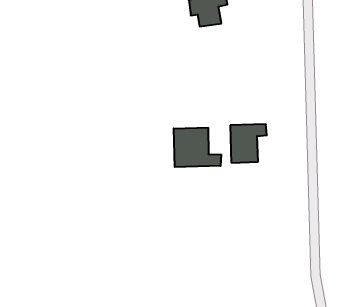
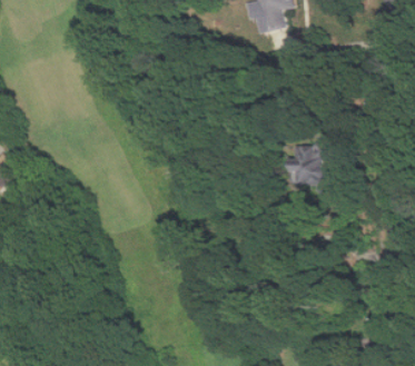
building: [174,128,221,167] -> none

